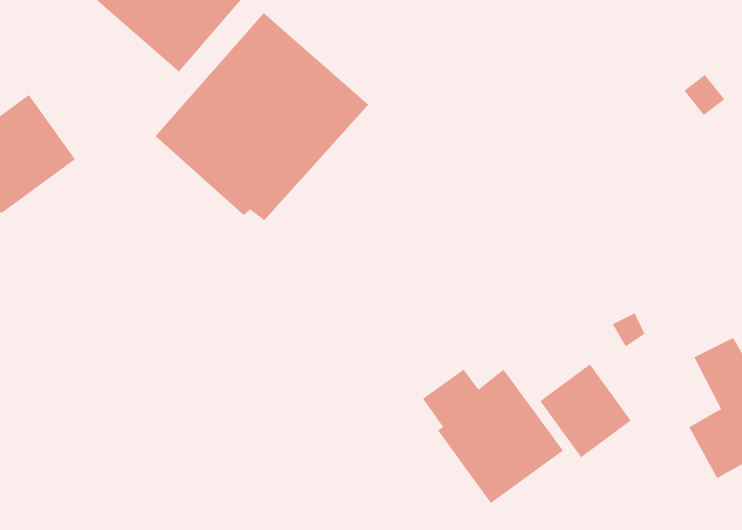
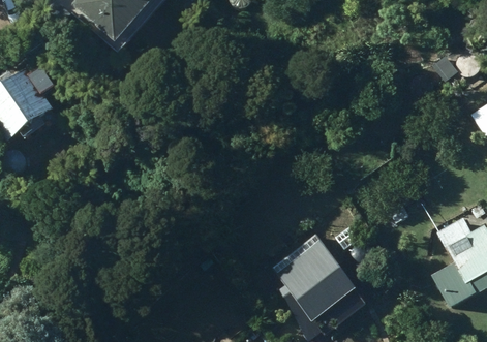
building: [155,12,369,221] -> none
building: [539,364,631,458] -> none

